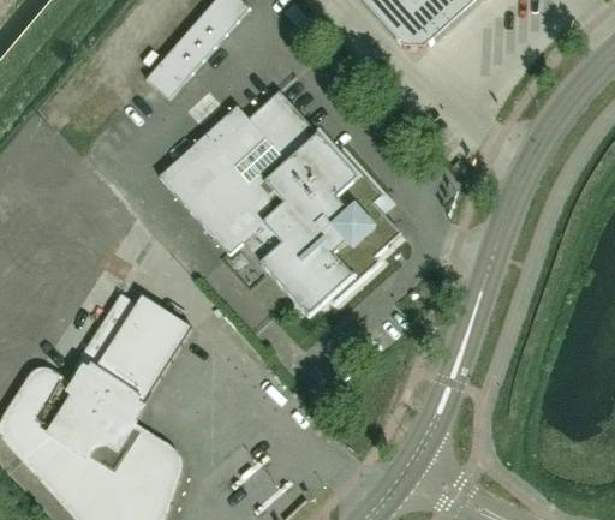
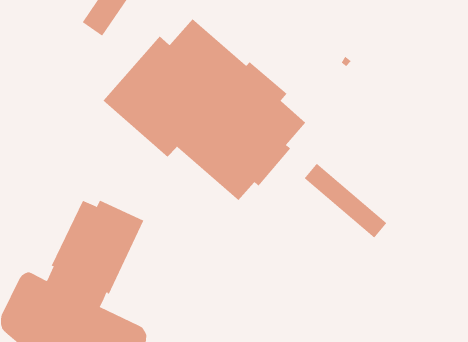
building: none -> [304,163,387,238]

